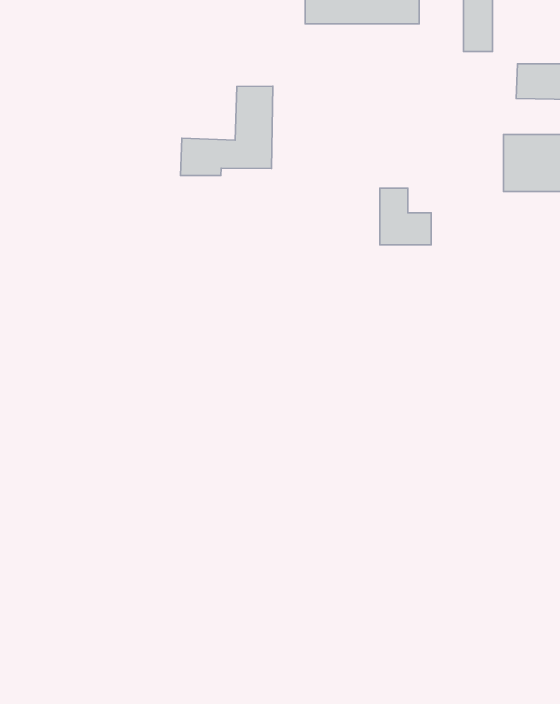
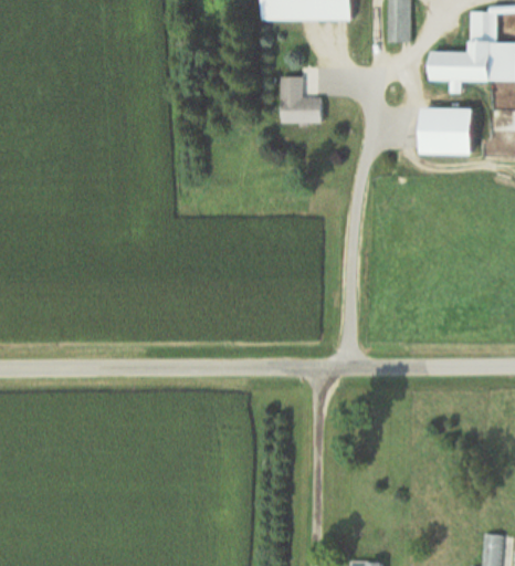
building: [181,86,273,176] -> none
building: [380,188,431,245] -> [280,77,320,123]

